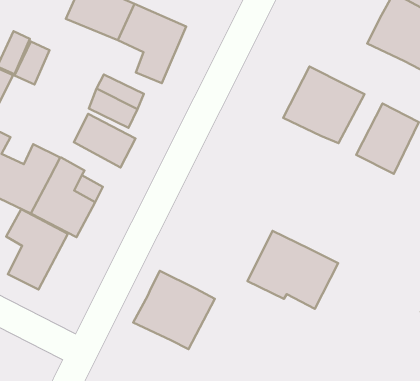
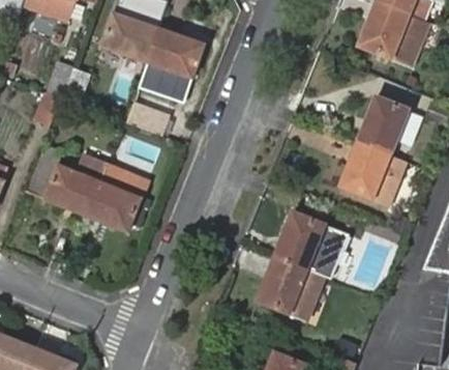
building: [283,66,365,143] -> [339,141,407,204]
building: [74,114,136,168] -> none
building: [6,209,68,290] -> none
building: [133,271,215,349] -> [257,256,324,320]

